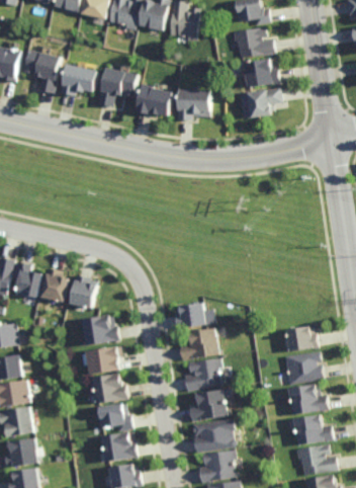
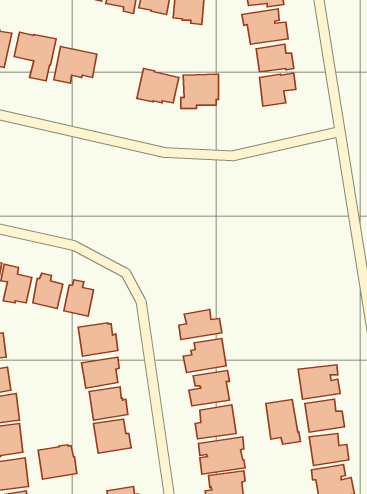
building: [96,65,138,104] -> none
building: [286,326,316,350] -> none
building: none -> [266,400,300,444]
building: [99,430,135,462] -> [38,445,77,479]

